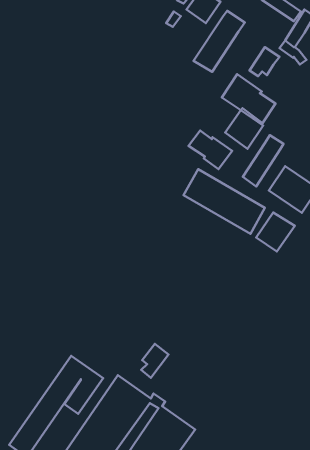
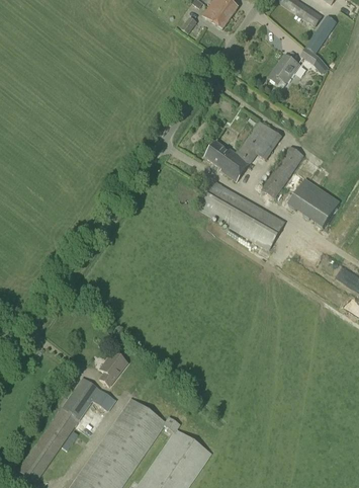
building: [194,11,245,72] -> none
building: [222,74,275,123] -> none
building: [256,212,295,252] -> none
building: [141,344,168,378] -> [98,350,126,386]

